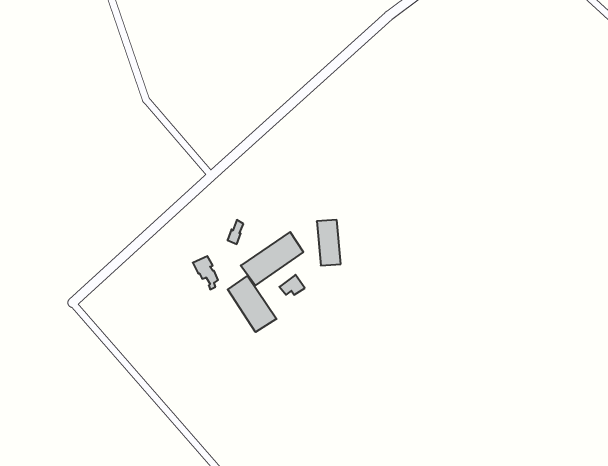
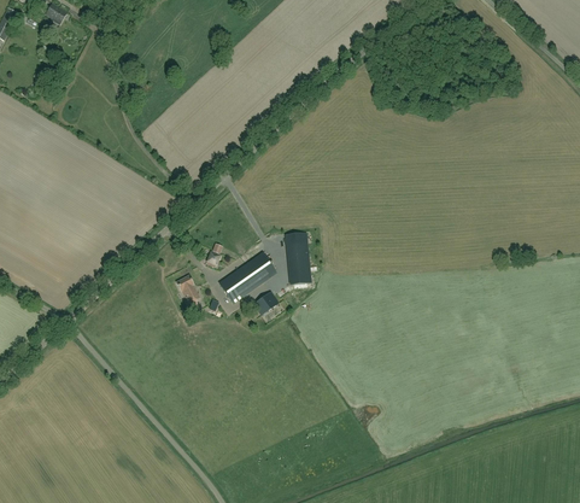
building: [228,276,277,332] -> none

